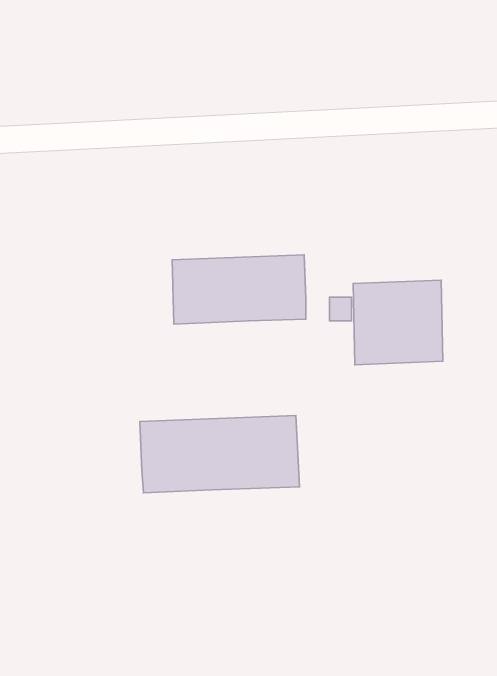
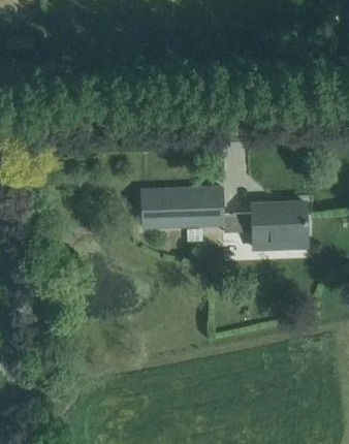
building: [140,415,299,493] -> none

